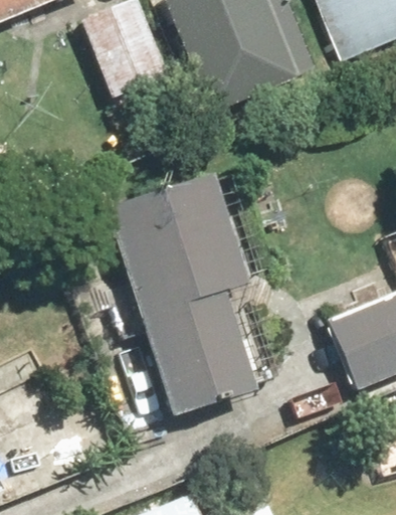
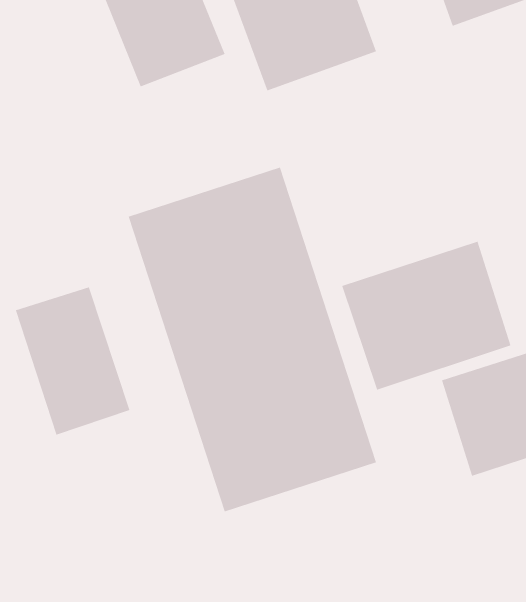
building: none -> [341,241,511,391]
building: none -> [15,286,130,436]

